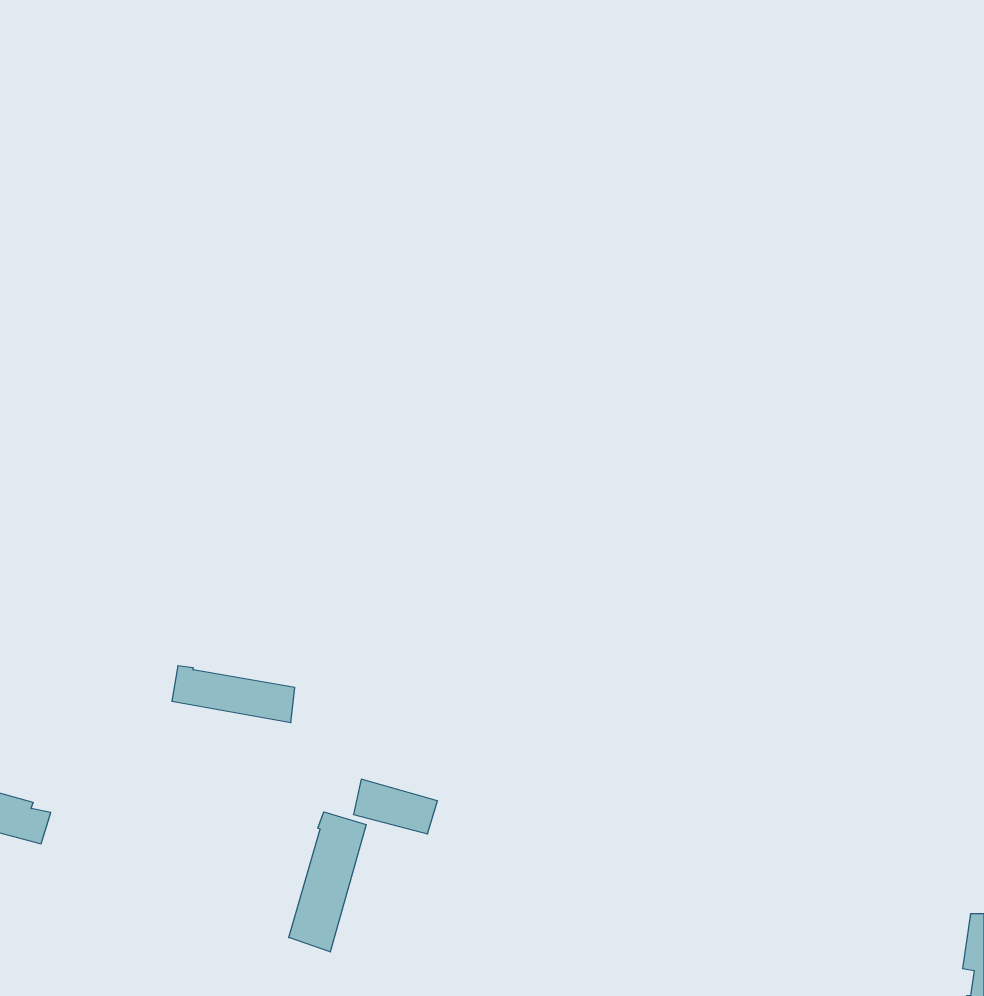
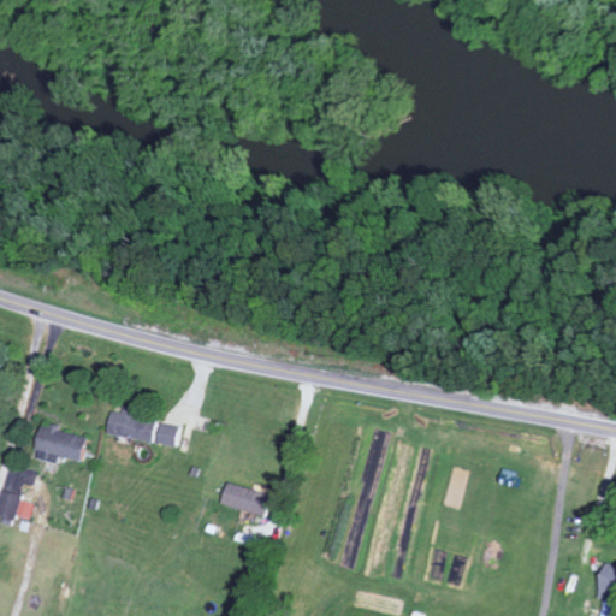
building: none -> [35,427,87,463]
building: [289,812,366,952] -> none

